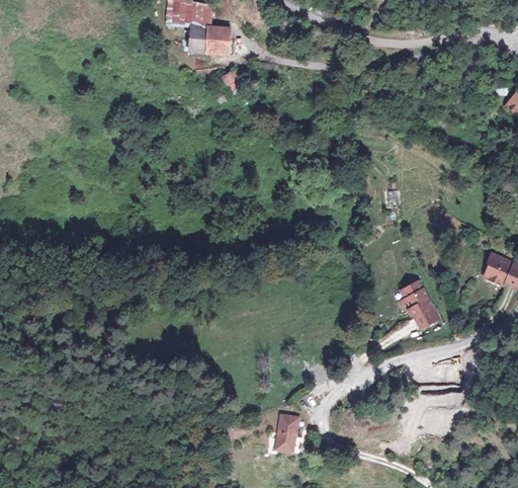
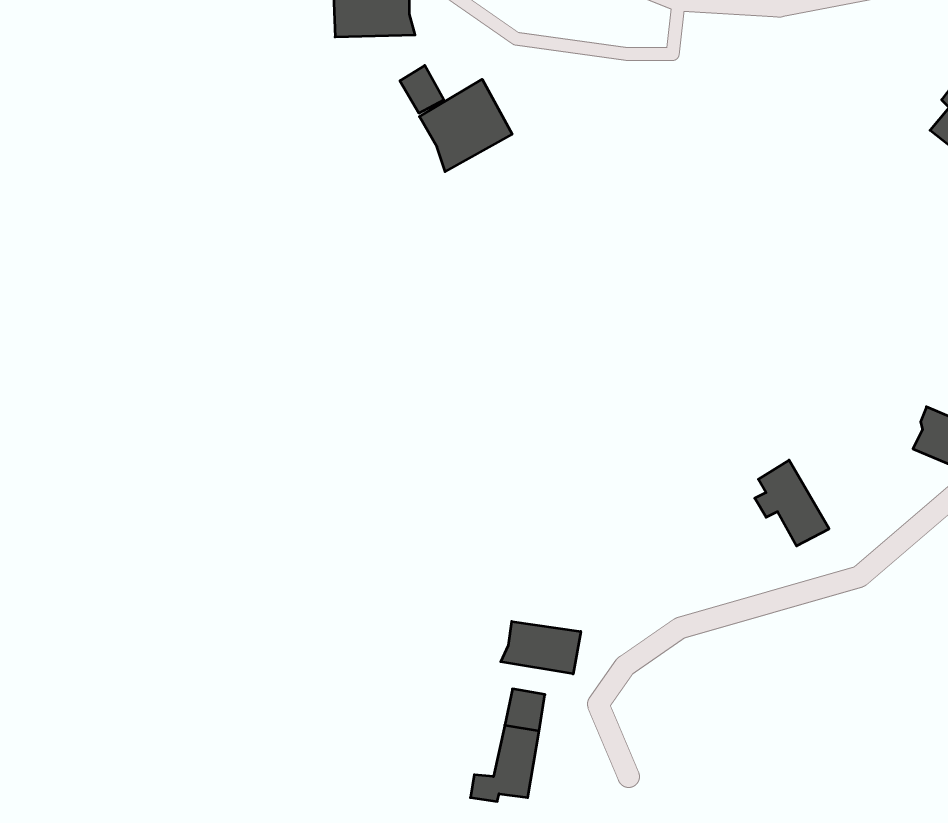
building: none -> [419,79,512,172]
building: none -> [501,621,581,674]

